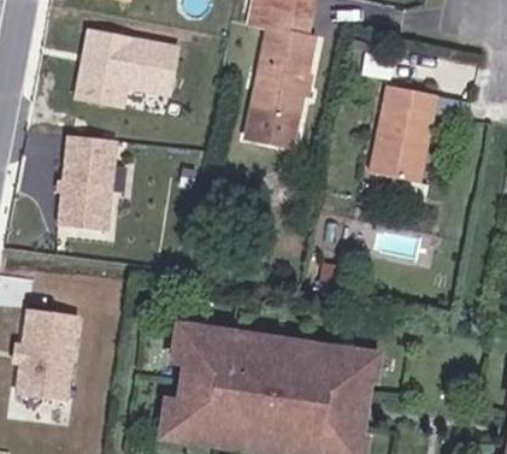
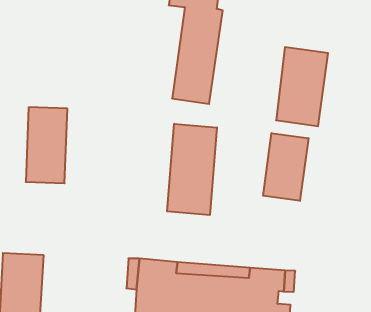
building: [77,26,179,104] -> none
building: none -> [167,124,217,215]
building: none -> [263,133,308,201]

